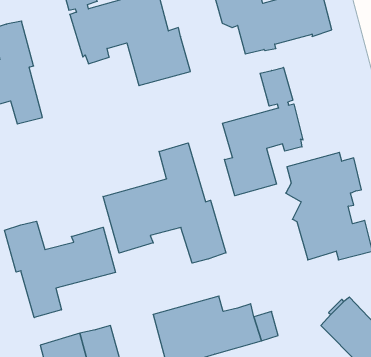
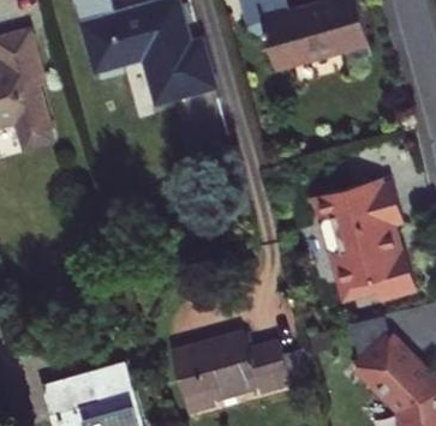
building: [222,67,303,196] -> none
building: [103,143,226,263] -> none
building: [5,221,115,318] -> none

